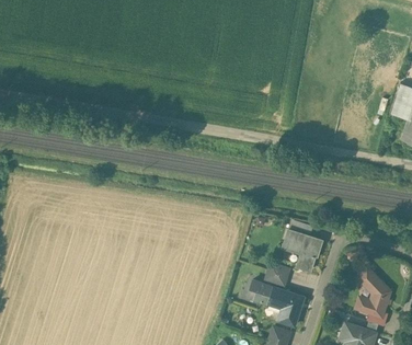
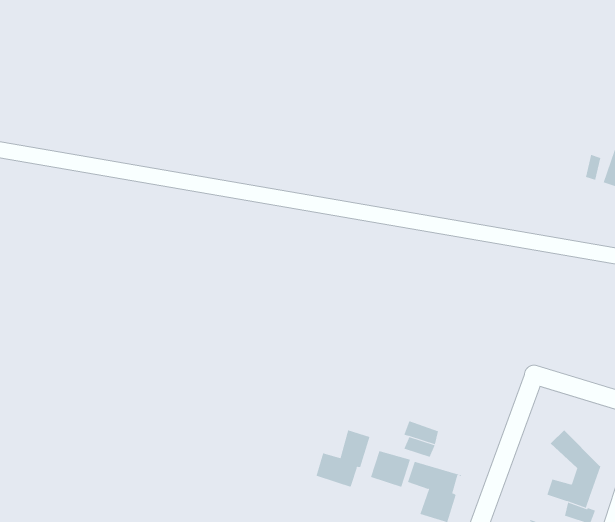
building: [283,230,322,271] -> none
building: none -> [316,430,370,489]

